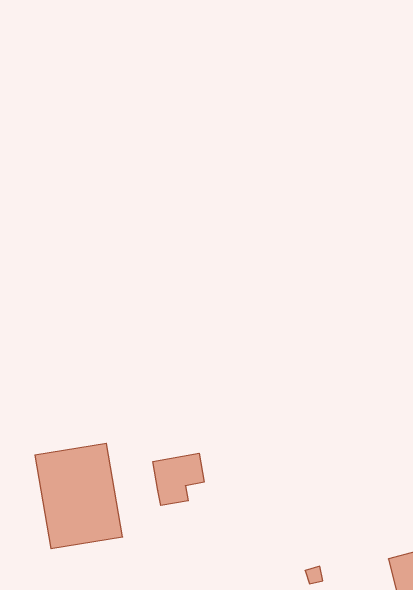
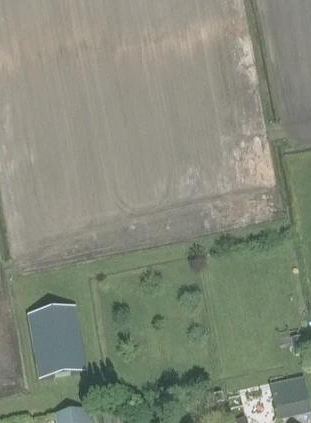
building: [153,453,204,505] -> none

